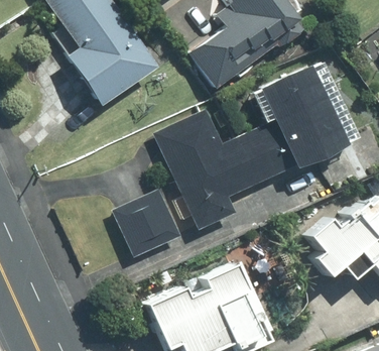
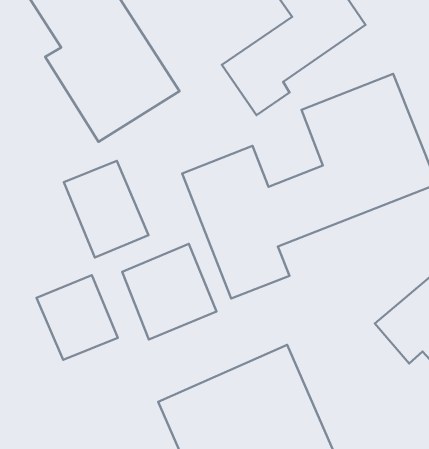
building: none -> [64,161,149,257]
building: none -> [37,275,118,360]

